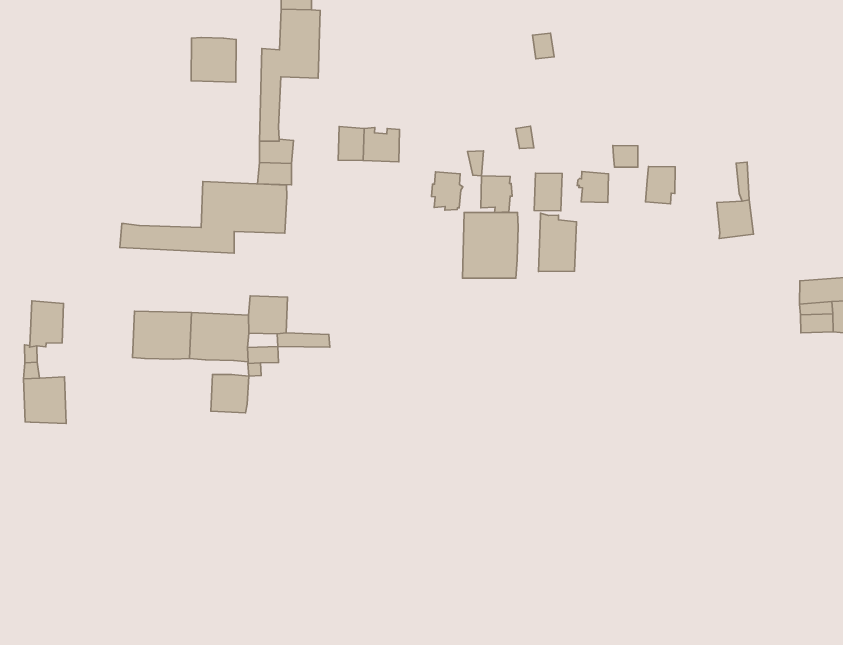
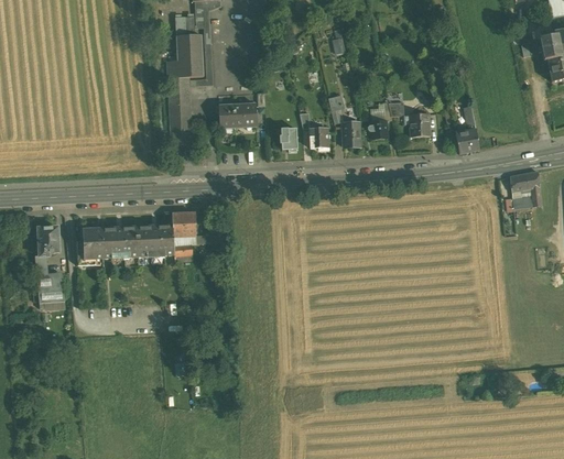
building: [191,38,236,82] -> none
building: [120,181,287,253] -> none
building: [462,212,518,278] -> none
building: [538,213,576,271] -> none
building: none -> [77,229,104,265]
building: [211,374,249,413] -> none

